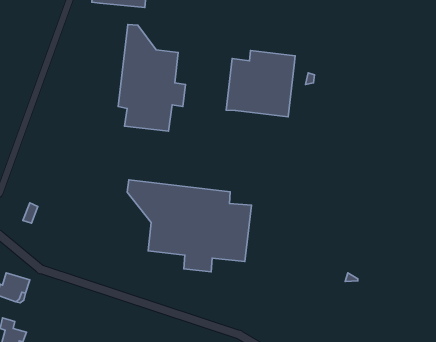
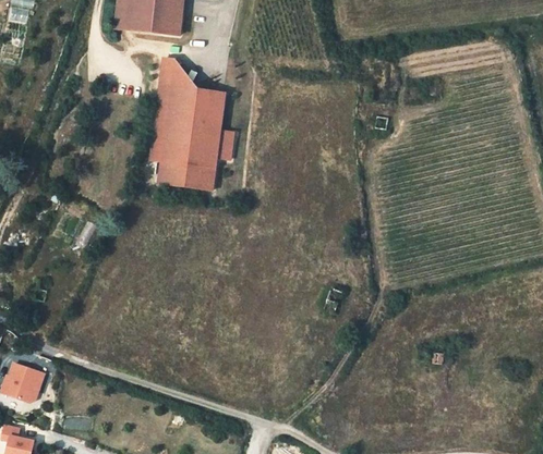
building: [226,51,295,117] -> none
building: [127,180,251,272] -> none

